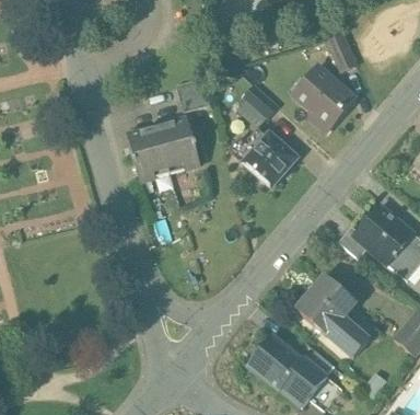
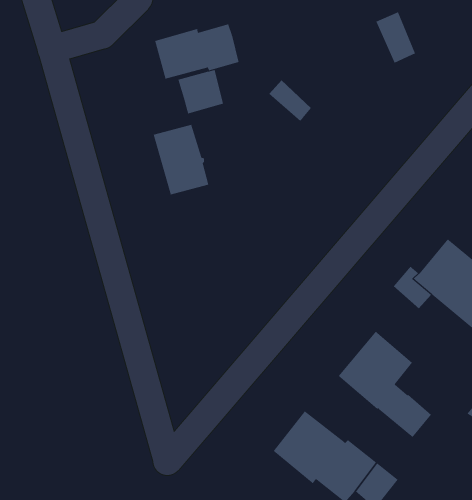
building: none -> [155,24,239,79]
building: [300,66,353,130] -> none
building: [127,125,170,180] -> none
building: [230,127,296,185] -> none

